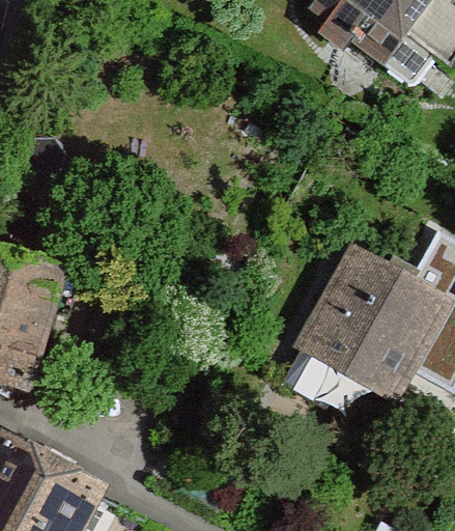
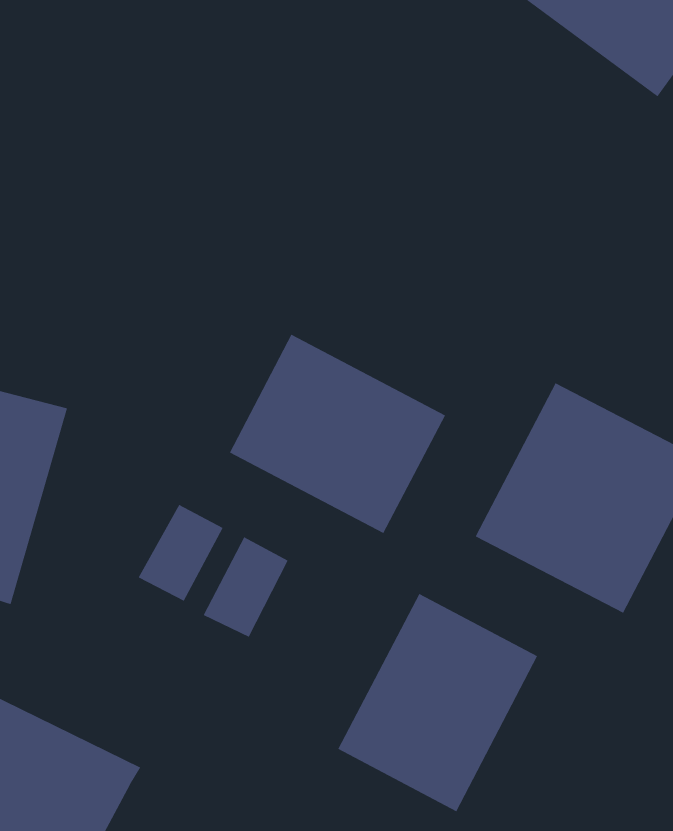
building: none -> [229,334,446,534]
building: none -> [337,593,538,812]

